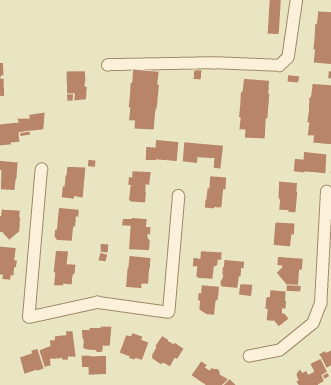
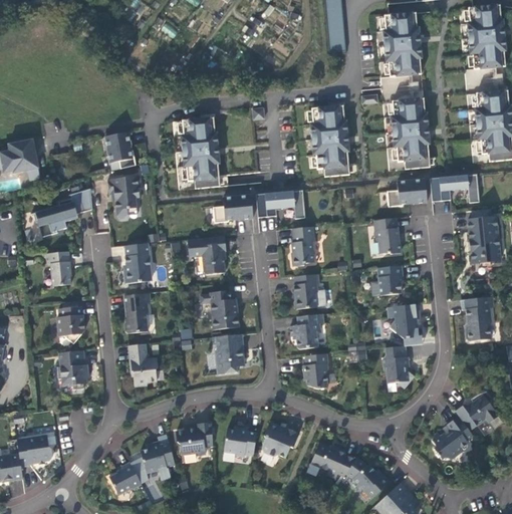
building: none -> [107,175,141,218]
building: [220,259,245,288] -> [294,274,320,308]
building: [81,355,106,375] -> none

